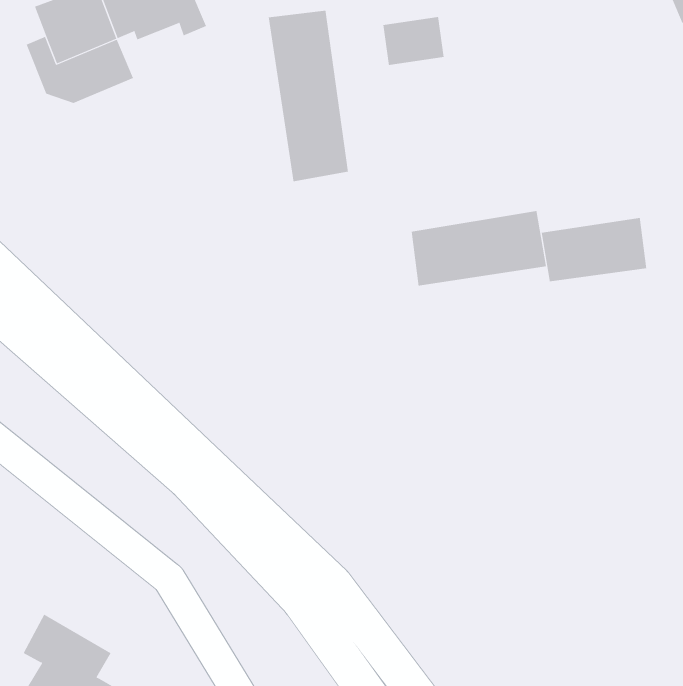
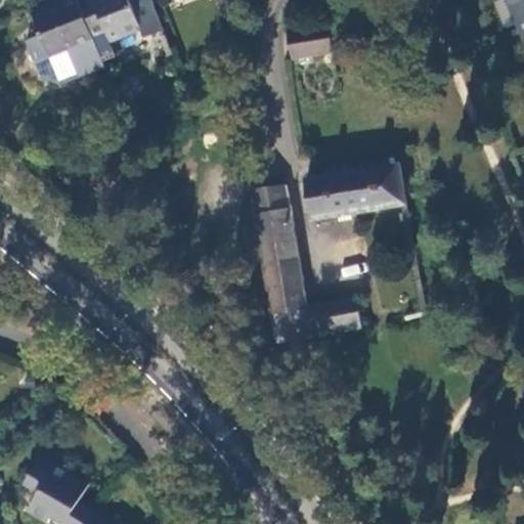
building: [268,10,348,182] -> none
building: [541,217,647,282] -> none
building: none -> [252,186,361,343]

